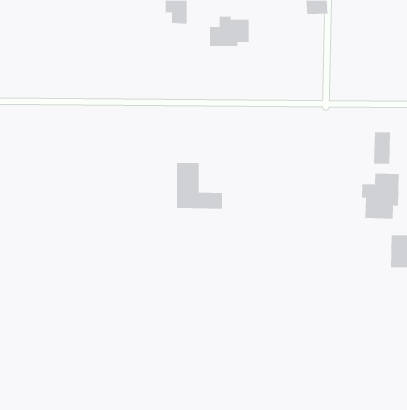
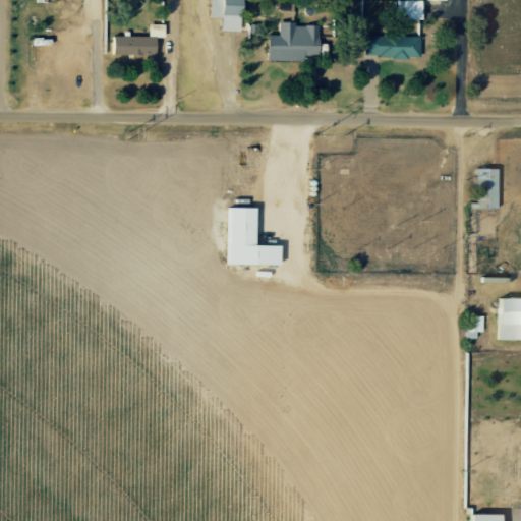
building: none -> [114,24,166,55]
building: none -> [367,34,422,58]
building: [361,173,399,219] -> none

